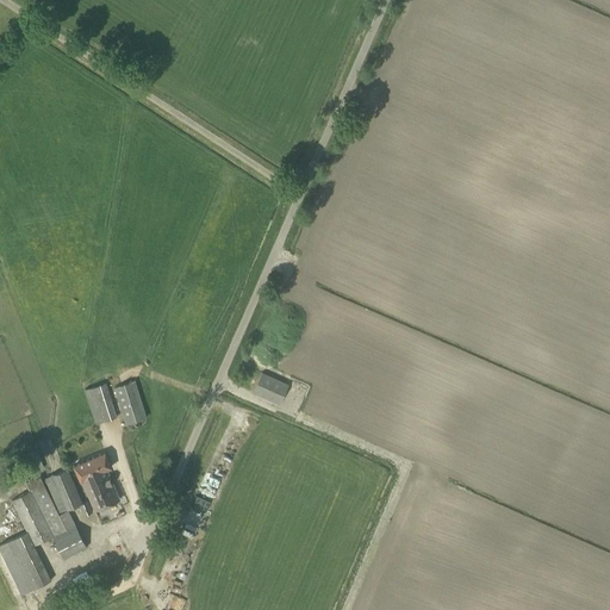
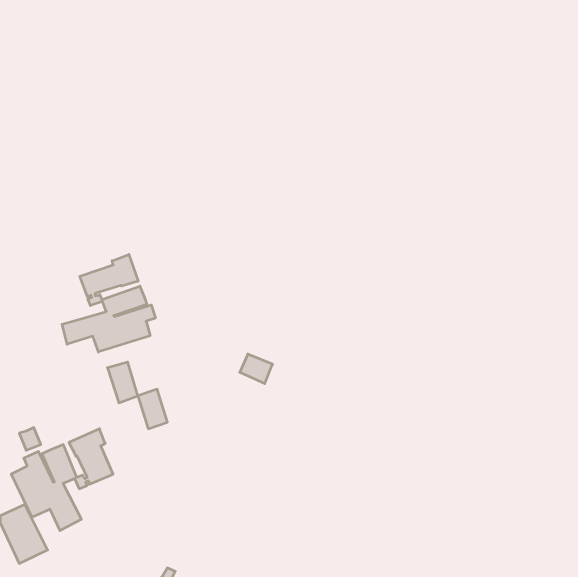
building: none -> [62,254,155,352]
building: [85,384,116,425] -> [138,389,167,429]

